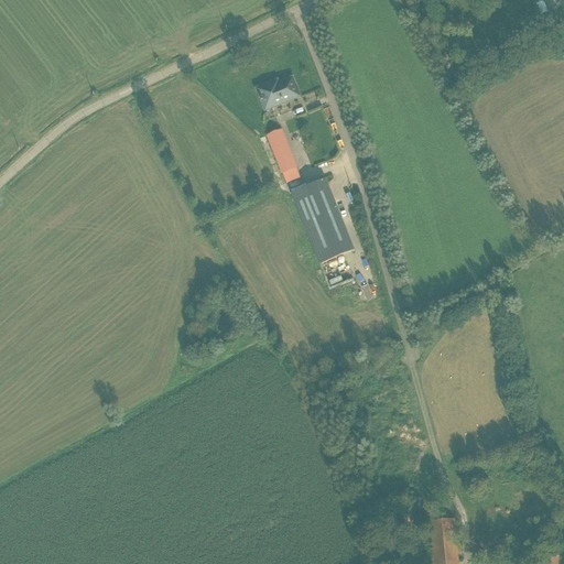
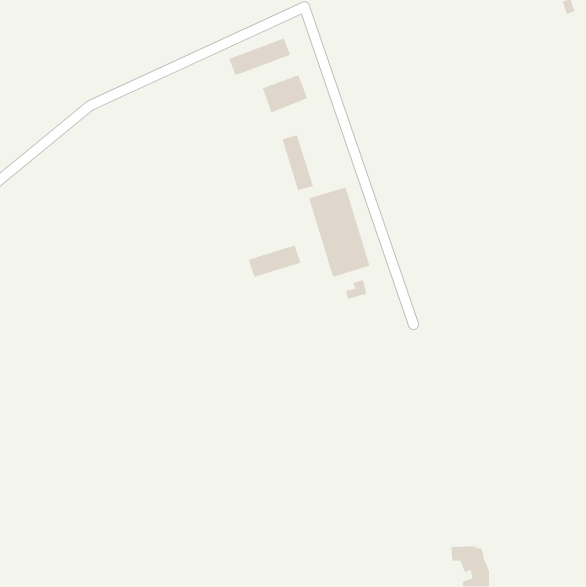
building: none -> [228,38,291,76]
building: none -> [248,245,301,278]

